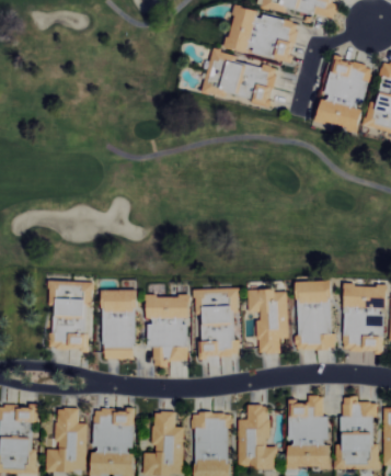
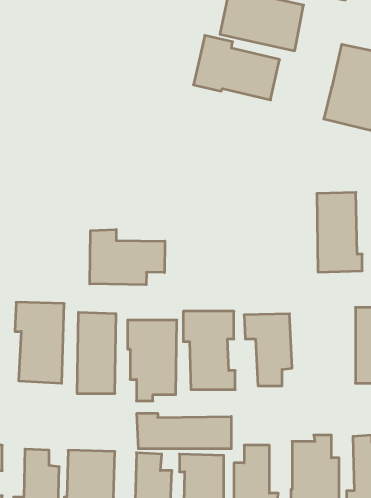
building: none -> [90,229,165,285]
building: [296,281,335,350] -> [317,192,362,272]
building: none -> [137,413,231,449]

